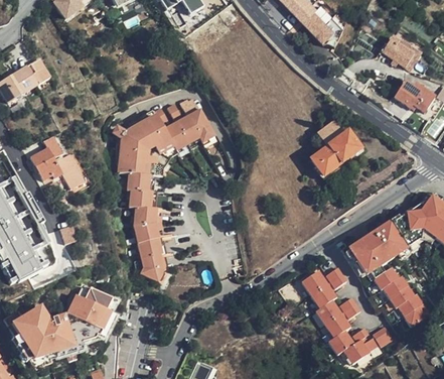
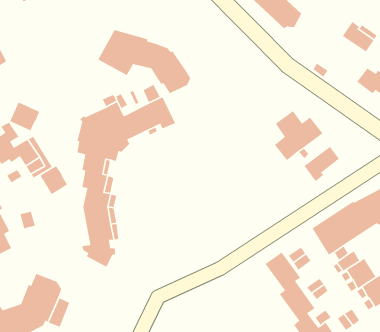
building: none -> [97,29,191,94]
building: none -> [9,102,40,131]
building: none -> [303,146,340,182]
building: none -> [39,165,68,195]

